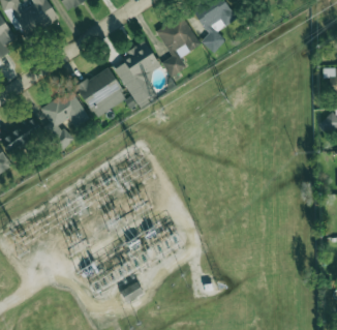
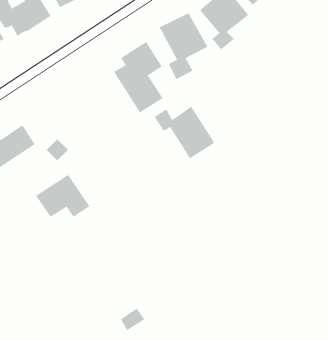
building: [76,66,127,118] -> none
building: [41,89,91,128] -> [35,174,90,218]
building: none -> [154,106,215,159]

